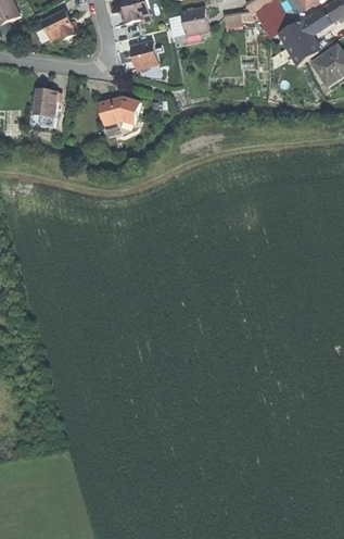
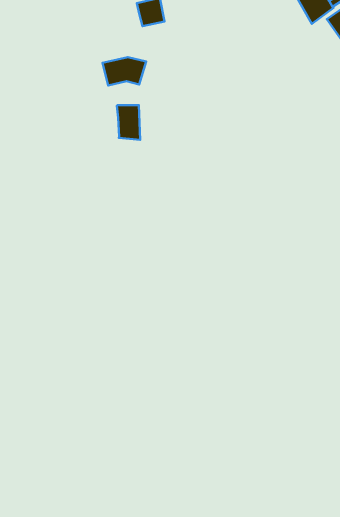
building: [33,88,56,116] -> none
building: none -> [117,105,140,140]

